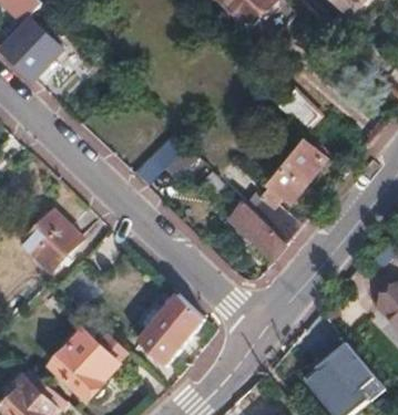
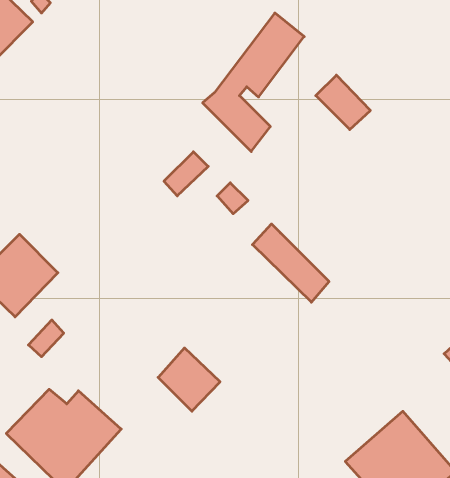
building: [249,141,326,245] -> [203,13,304,152]
building: [135,317,183,364] -> none

